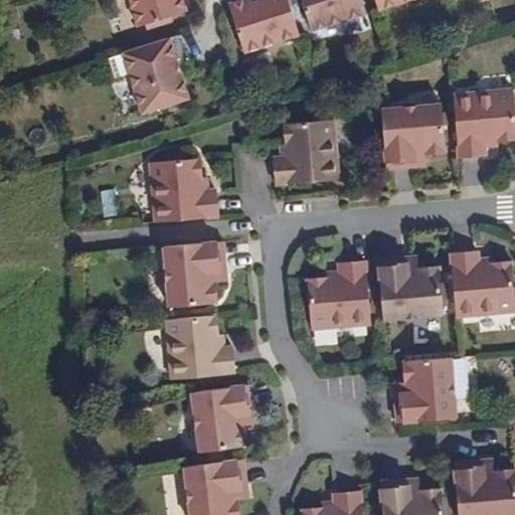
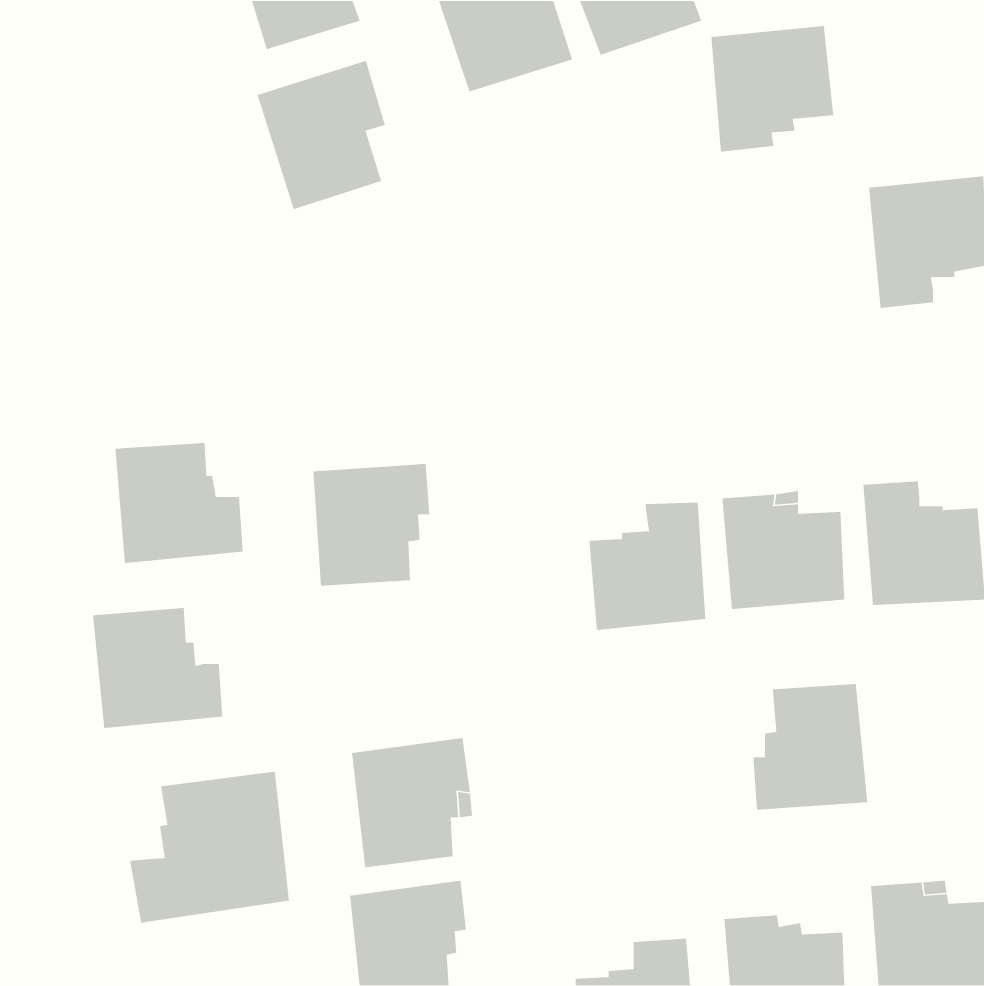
building: [380,102,445,168] -> [711,25,834,152]
building: [282,117,346,182] -> none
building: [148,158,215,221] -> [114,442,244,564]
building: [165,315,233,378] -> [92,607,223,729]
building: none -> [129,771,290,923]

